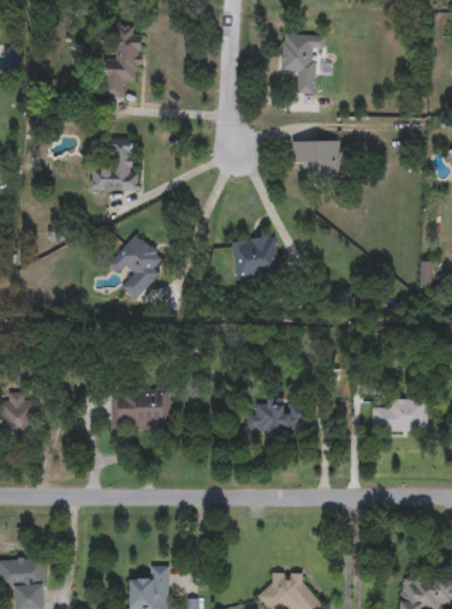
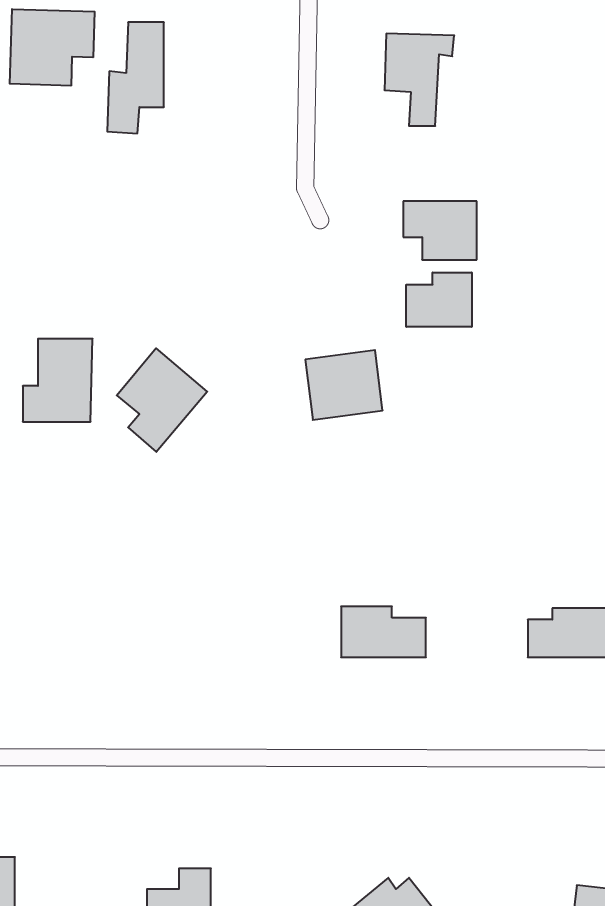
building: none -> [10,9,95,86]
building: [90,138,135,191] -> [23,339,93,422]
building: none -> [406,272,472,327]
building: [111,390,170,429] -> none

